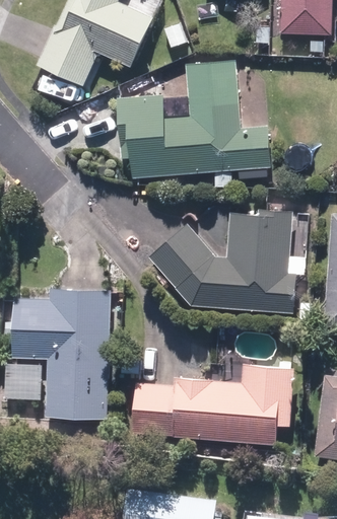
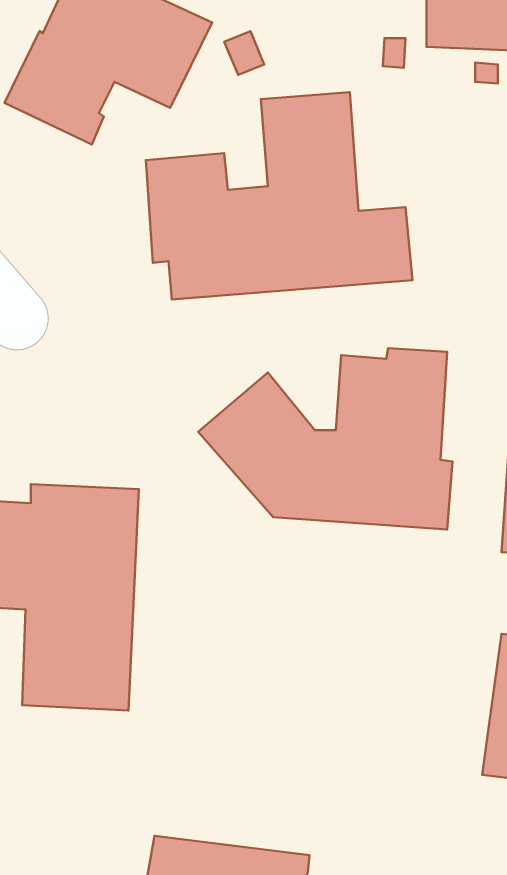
building: [132,362,295,445] -> none

